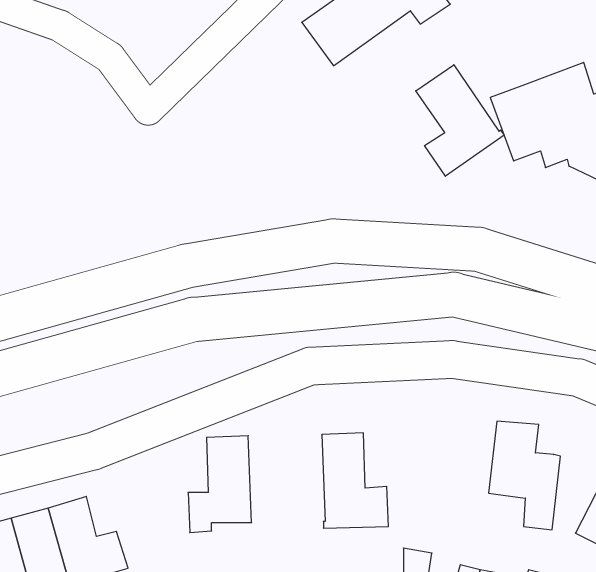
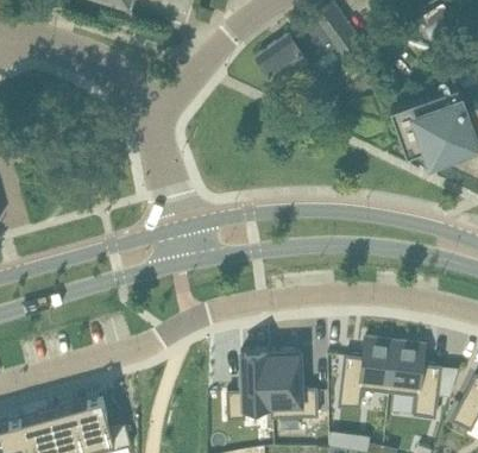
building: [416,65,504,176] -> none
building: none -> [338,338,395,409]
building: [188,436,252,533] -> [227,351,272,420]

